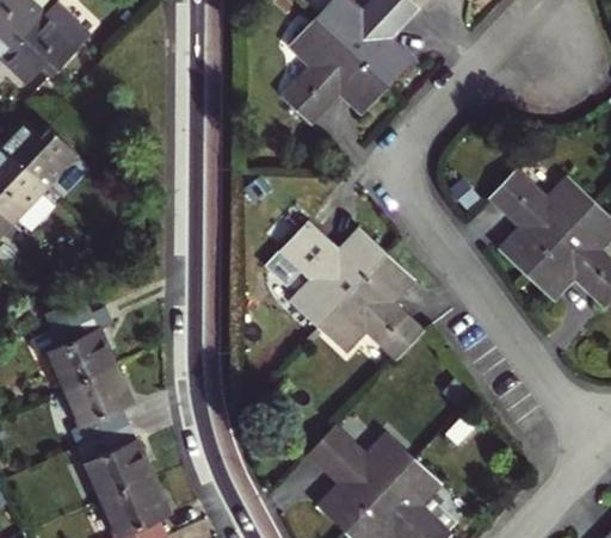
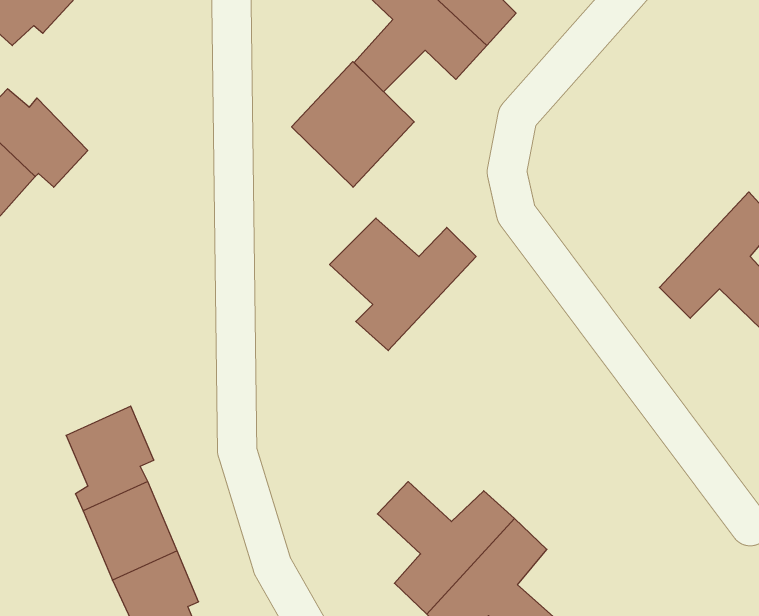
building: none -> [292,62,414,187]
building: [490,172,594,274] -> none
building: [315,251,421,353] -> none
building: [31,320,116,389] -> none

